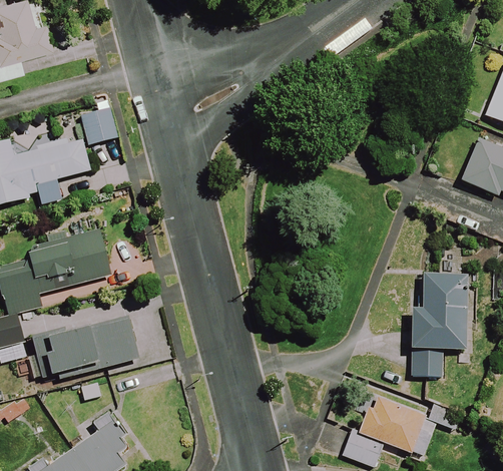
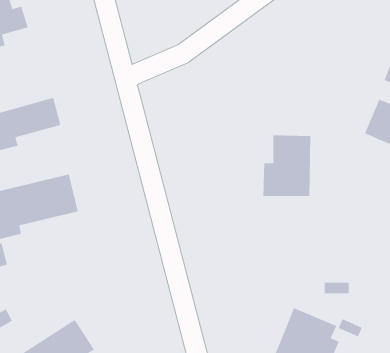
building: [81,108,117,144] -> none
building: [411,274,470,349] -> [263,135,311,197]
building: [33,316,139,380] -> none

